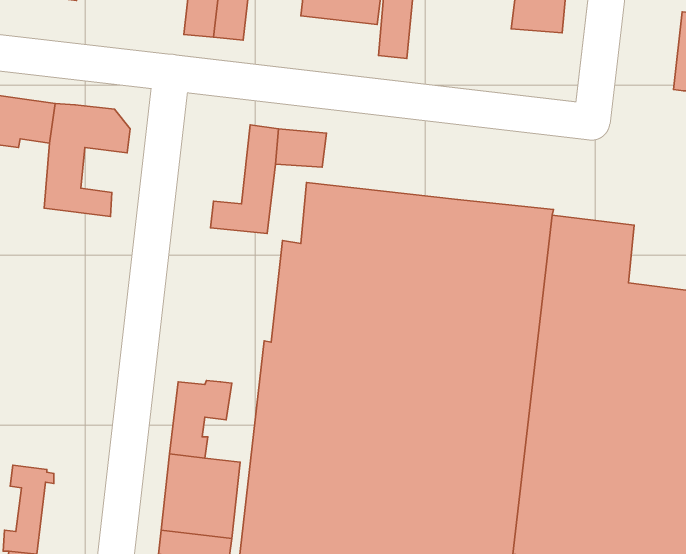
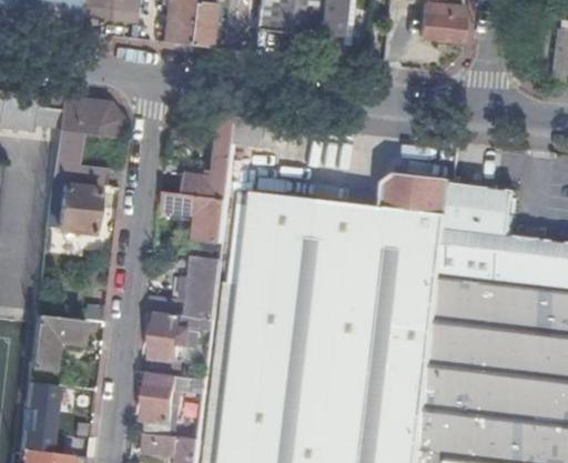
building: none -> [61,184,99,232]
building: none -> [169,192,231,243]
building: none -> [191,258,224,320]
building: none -> [33,314,85,369]

